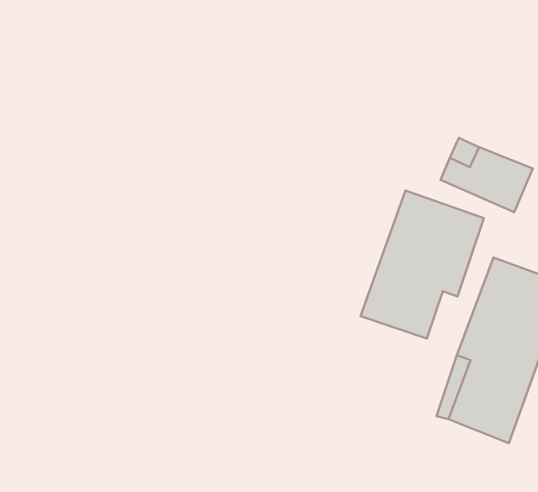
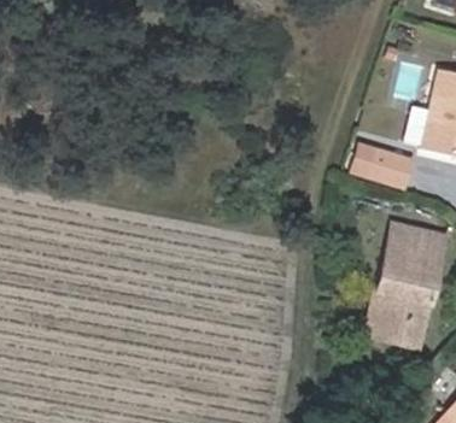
building: [360,191,484,338] -> none

